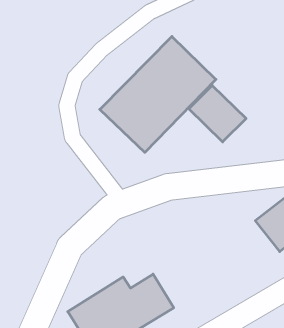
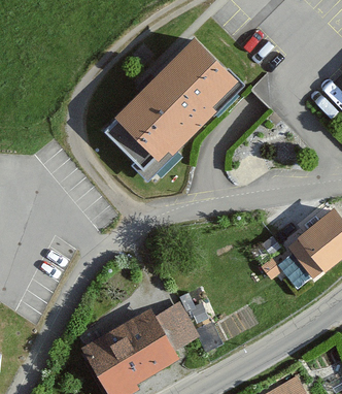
building: [189,85,246,142] -> none

